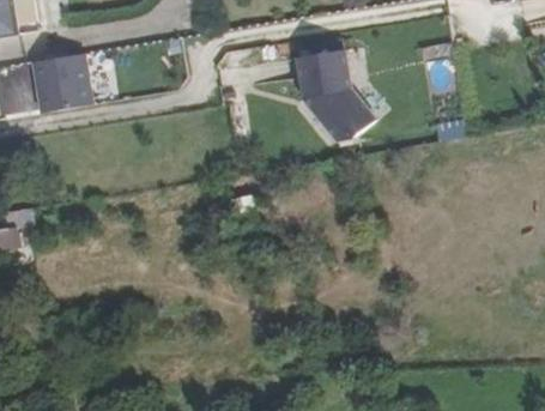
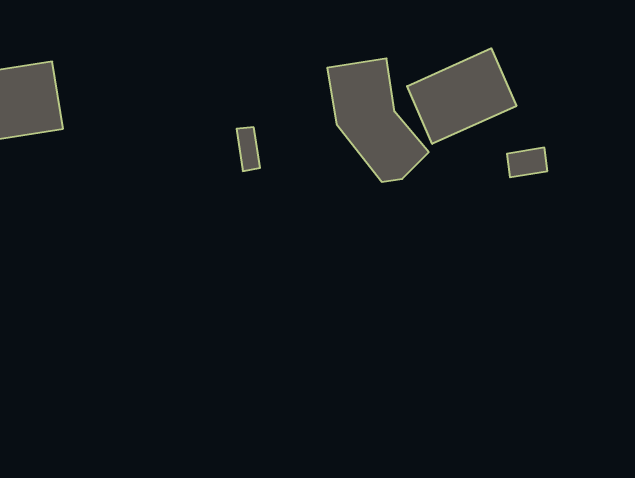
building: none -> [407,48,516,144]

